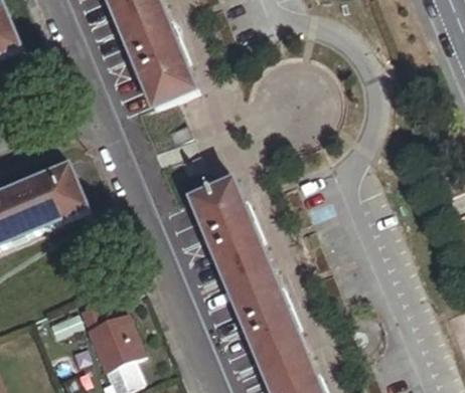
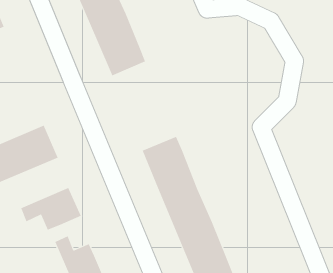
building: none -> [21,187,82,231]

